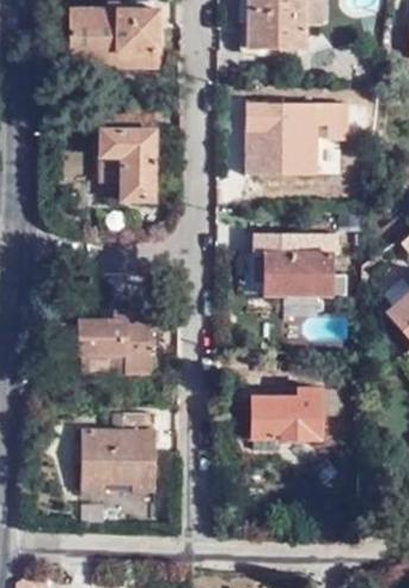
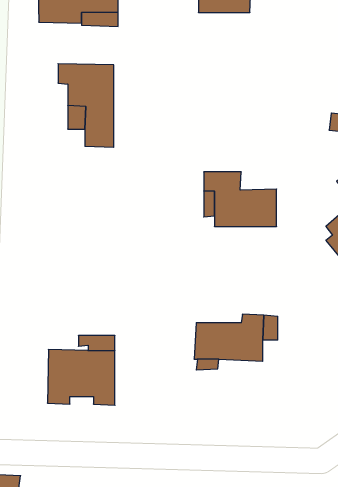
building: [246,106,349,176] -> none
building: [81,306,161,370] -> none

